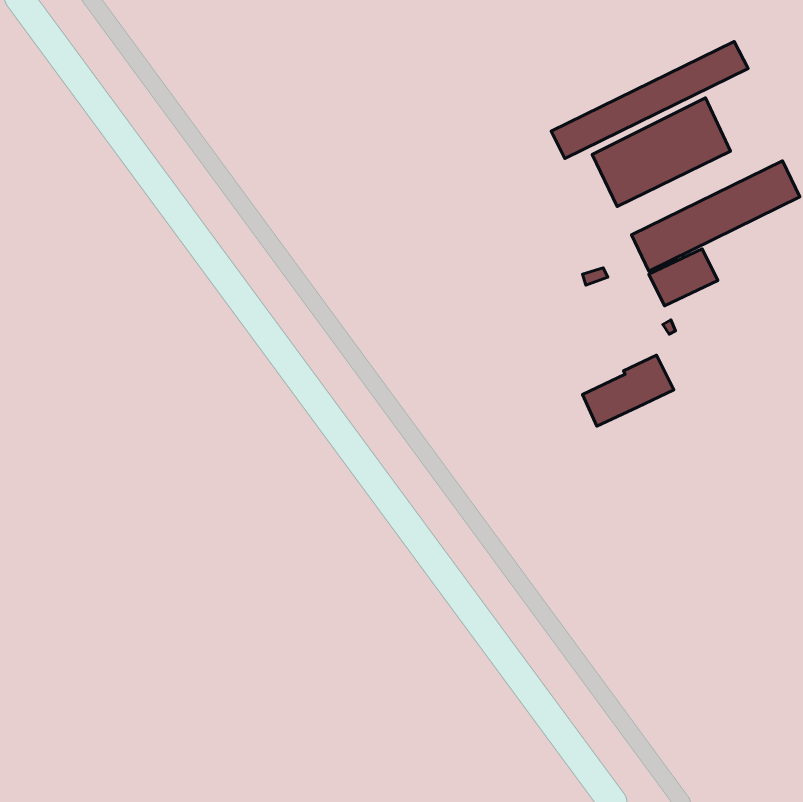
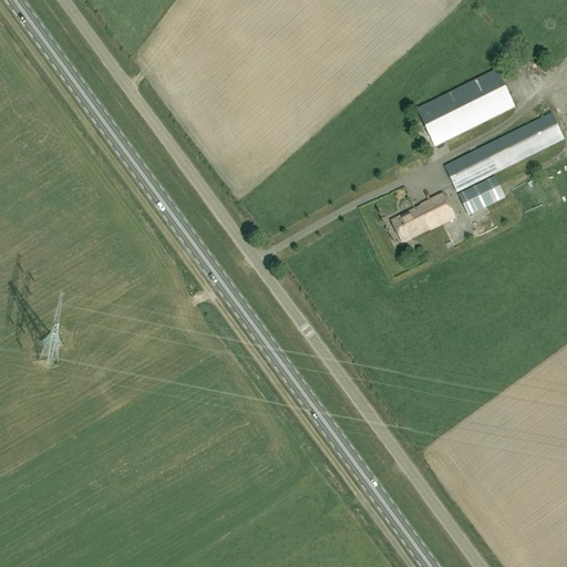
building: [551,42,748,158] -> none
building: [583,355,674,426] -> [390,192,454,241]

